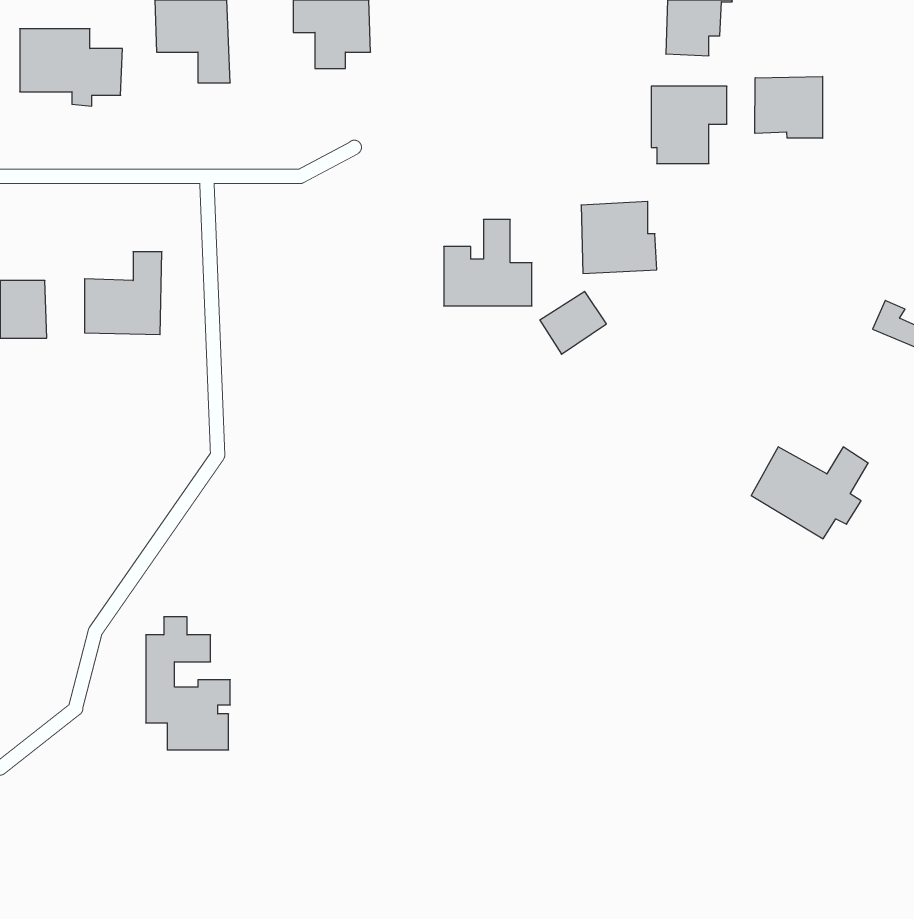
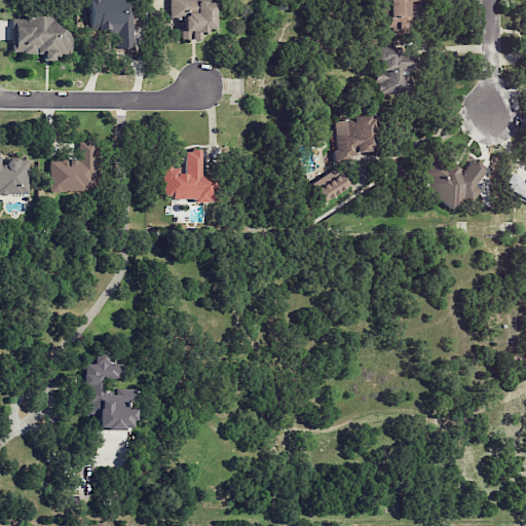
building: [755,76,823,138] -> none
building: [444,220,532,306] -> [164,150,215,199]
building: [751,447,868,539] -> [418,158,485,211]

